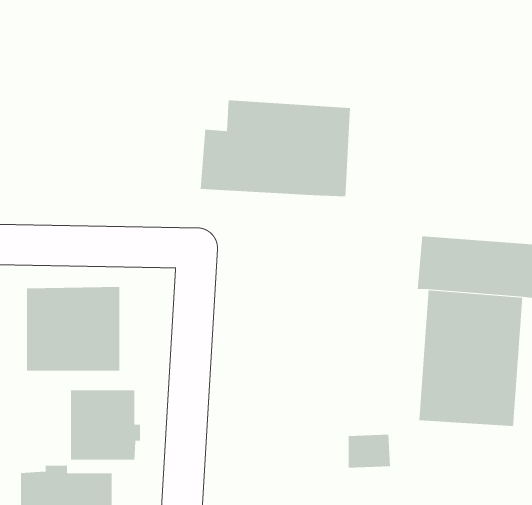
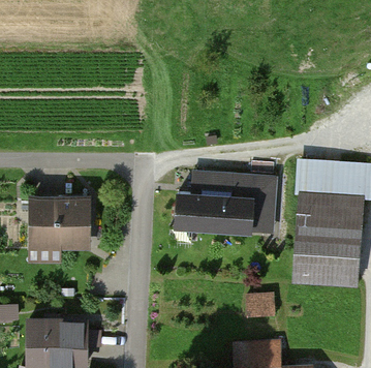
building: [200,100,351,197] -> [175,167,276,233]
building: [70,390,141,460] -> none

